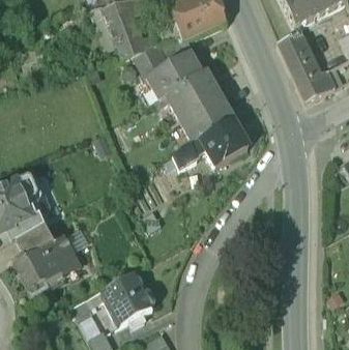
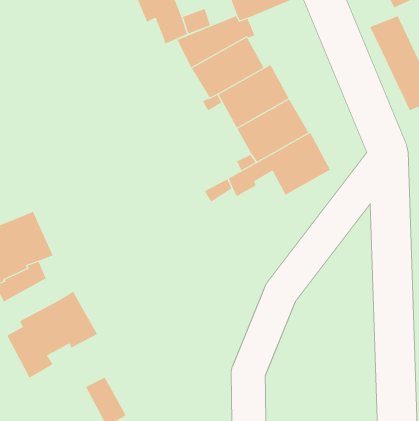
building: [14,223,52,254] -> none
building: [100,266,154,319] -> none

